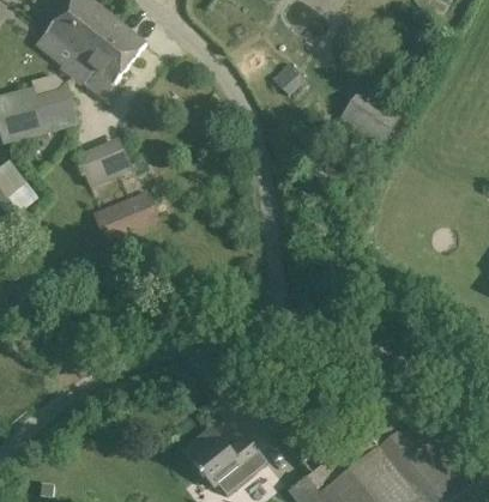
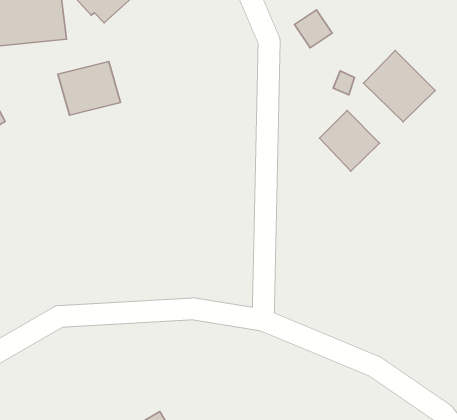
building: none -> [319,111,380,171]
building: [92,190,157,242] -> none

